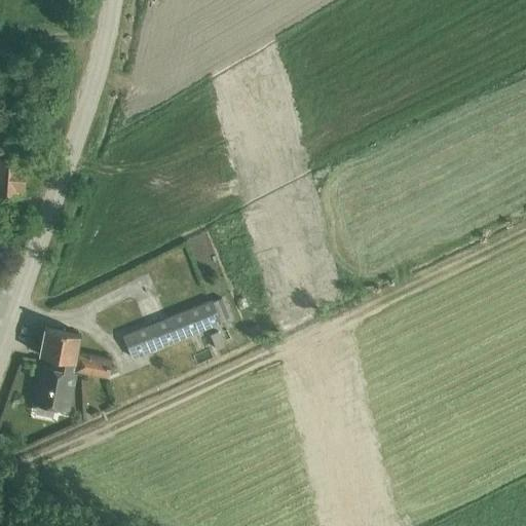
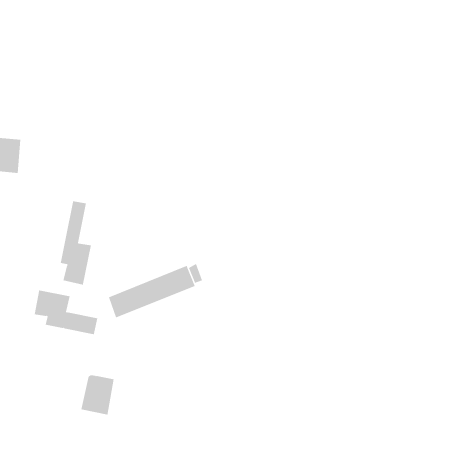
building: none -> [60,201,92,286]
building: [33,367,71,412] -> [81,375,115,415]

